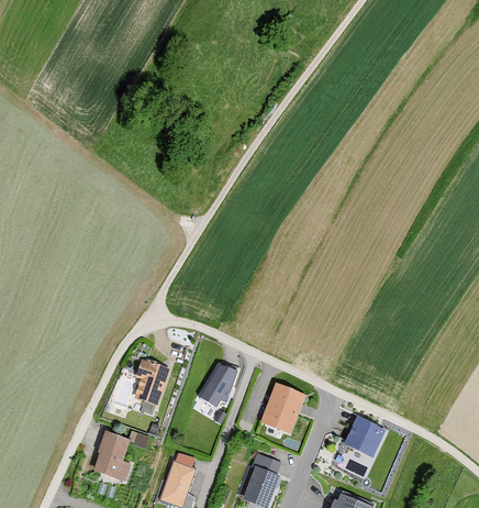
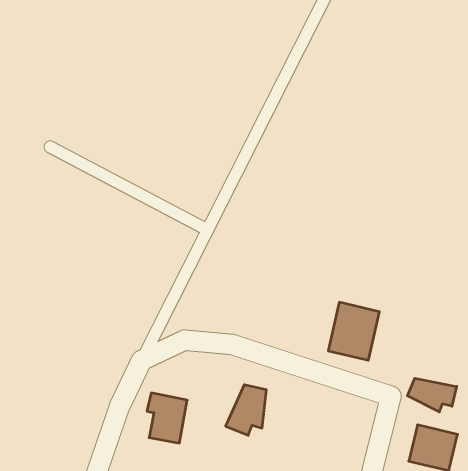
building: none -> [407,378,457,412]
building: [258,383,304,433] -> [328,302,379,360]

